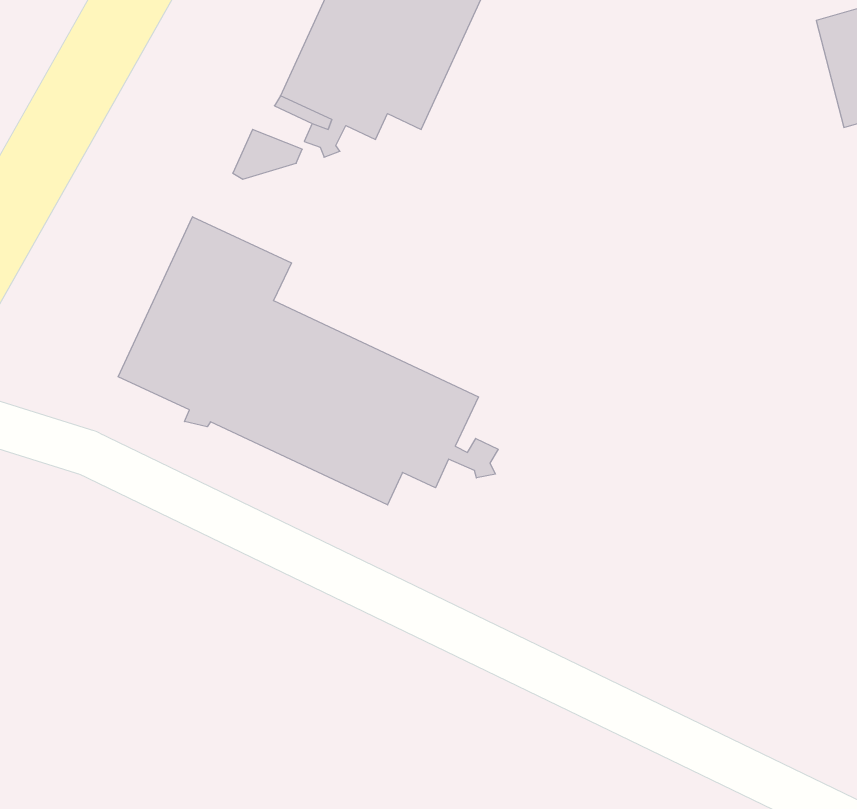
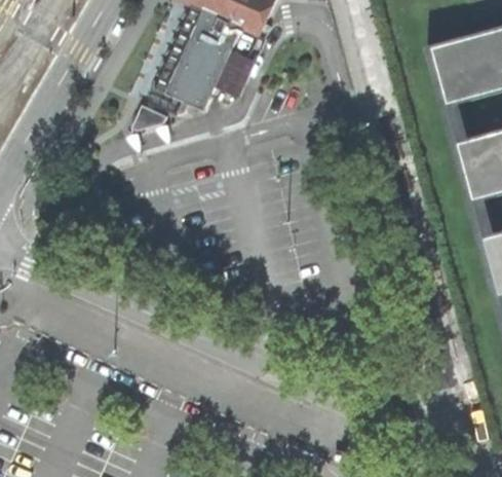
building: [118,217,498,505] -> none

